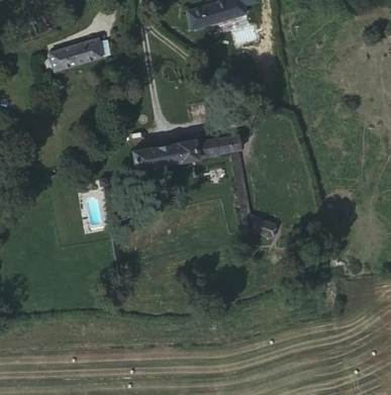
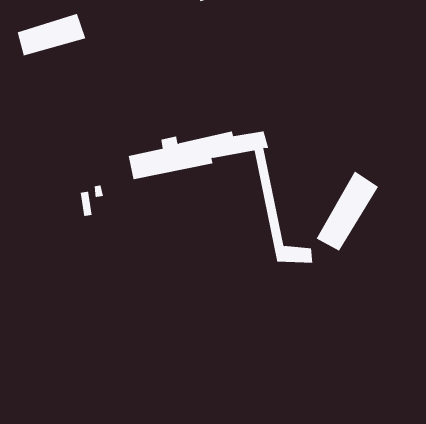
building: none -> [316,170,379,252]

